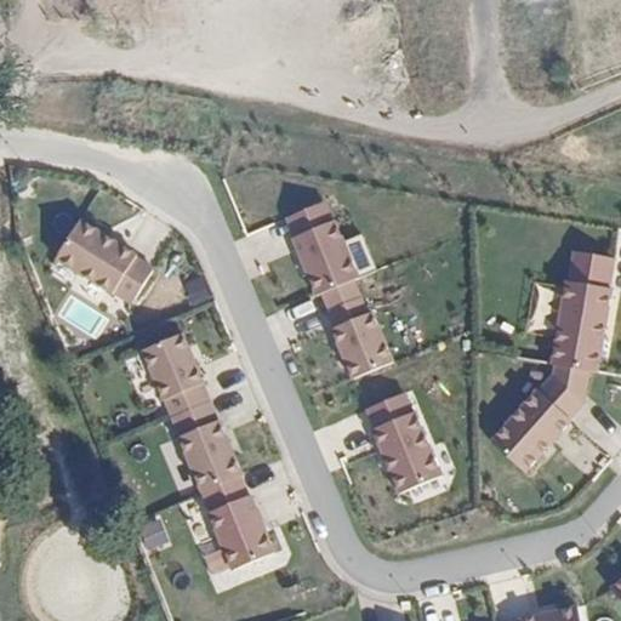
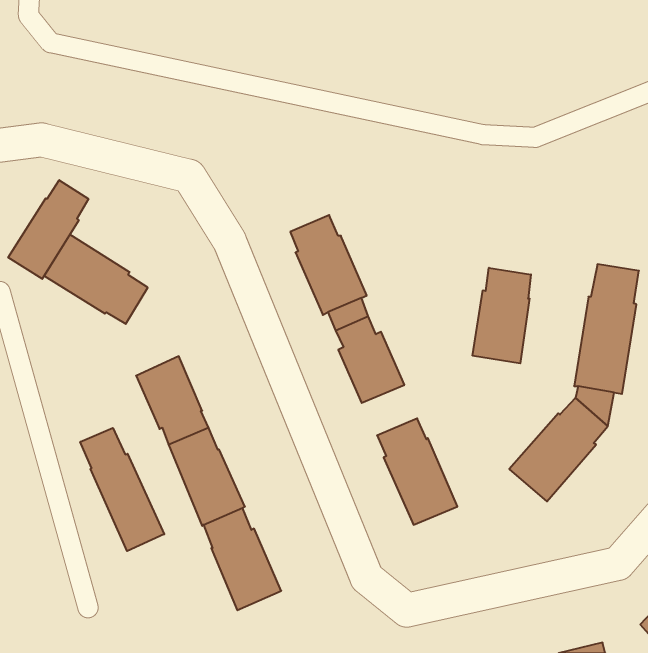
building: none -> [8,180,88,279]
building: none -> [473,268,531,363]
building: none -> [80,428,164,551]

